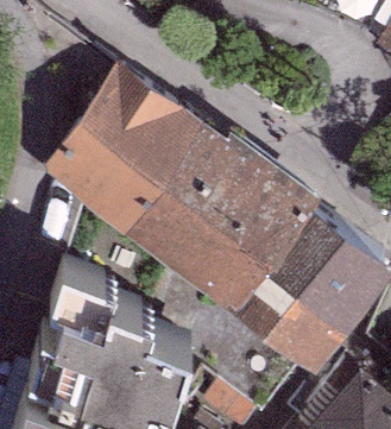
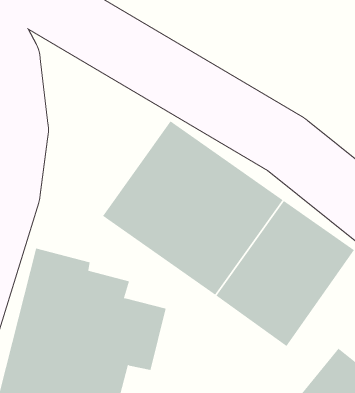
building: [45,75,190,225] -> none

